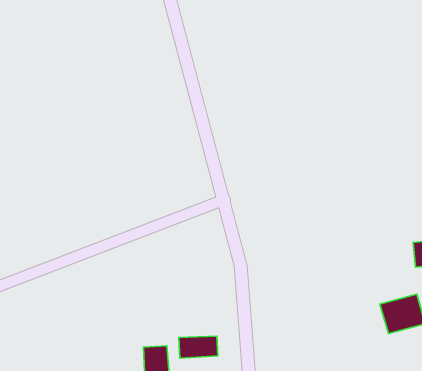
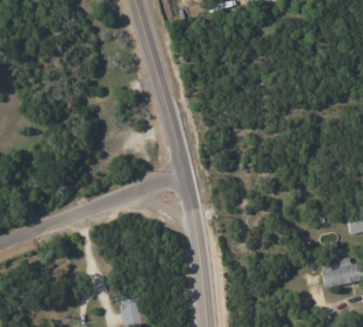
building: [179,336,218,358] -> none

